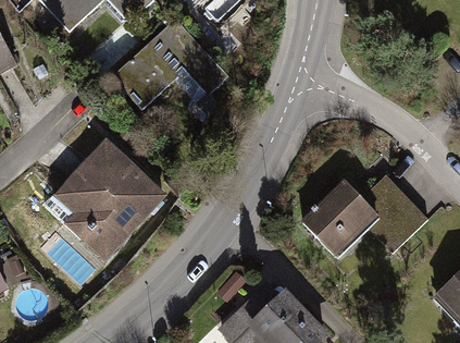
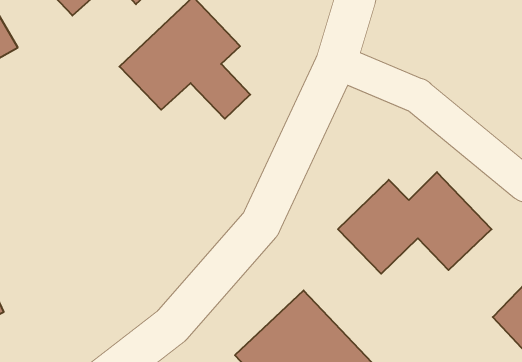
building: [54,133,174,268] -> none

